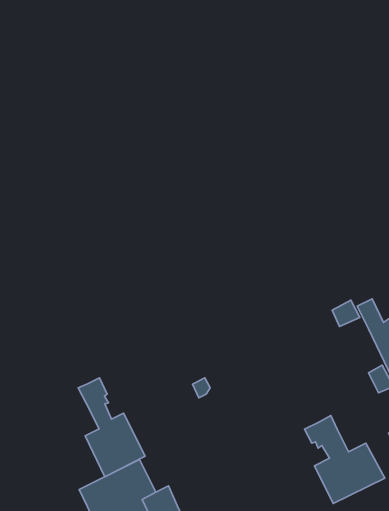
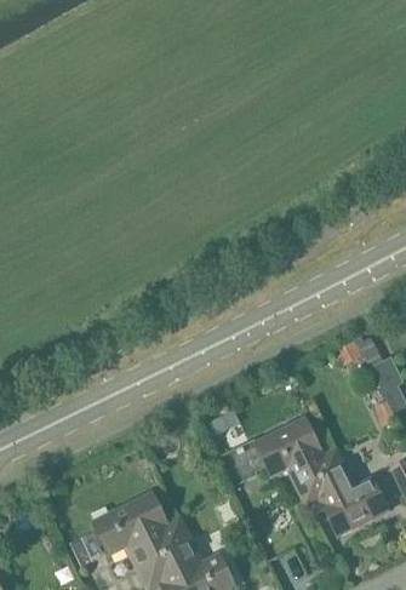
building: [78,378,145,477] -> none
building: none -> [218,417,333,504]

